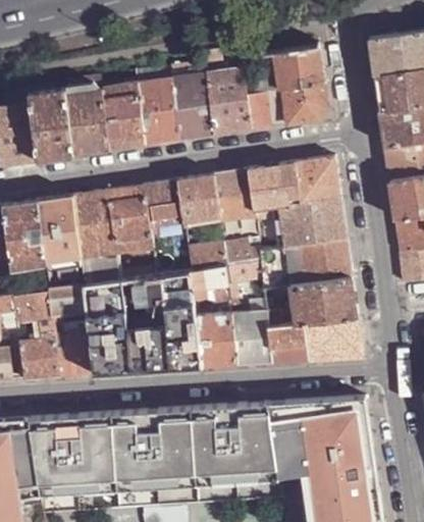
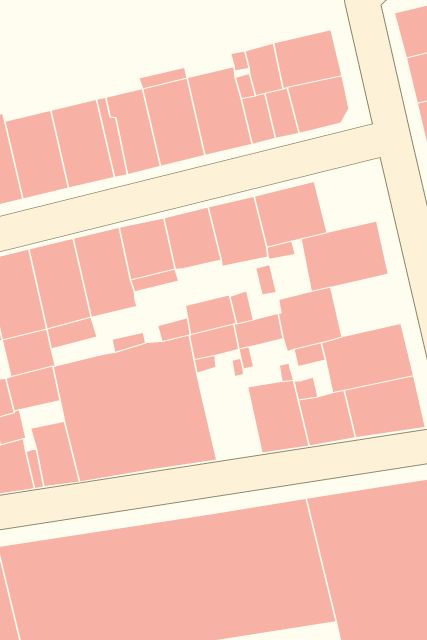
building: [295,159,339,204] -> none
building: [300,240,351,284] -> none
building: [194,316,235,369] -> none

